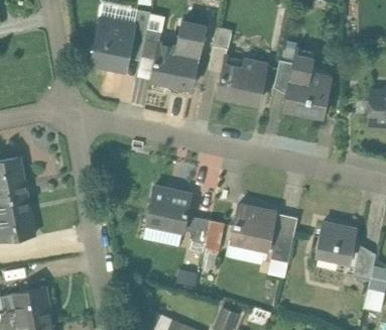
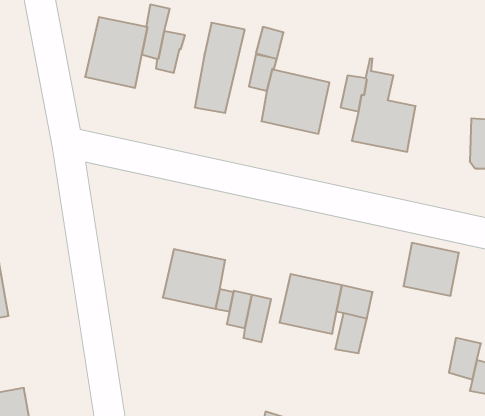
building: [149,41,175,84] -> none
building: [315,223,356,261] -> [403,243,459,296]

